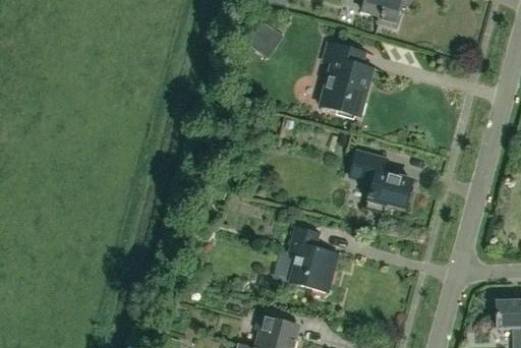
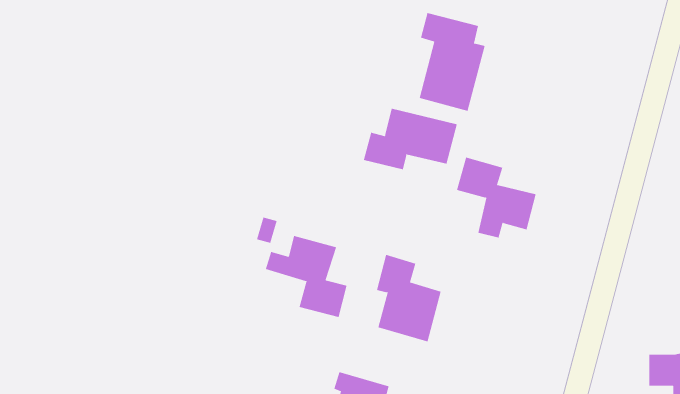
building: none -> [363,108,458,170]
building: none -> [265,235,347,318]

